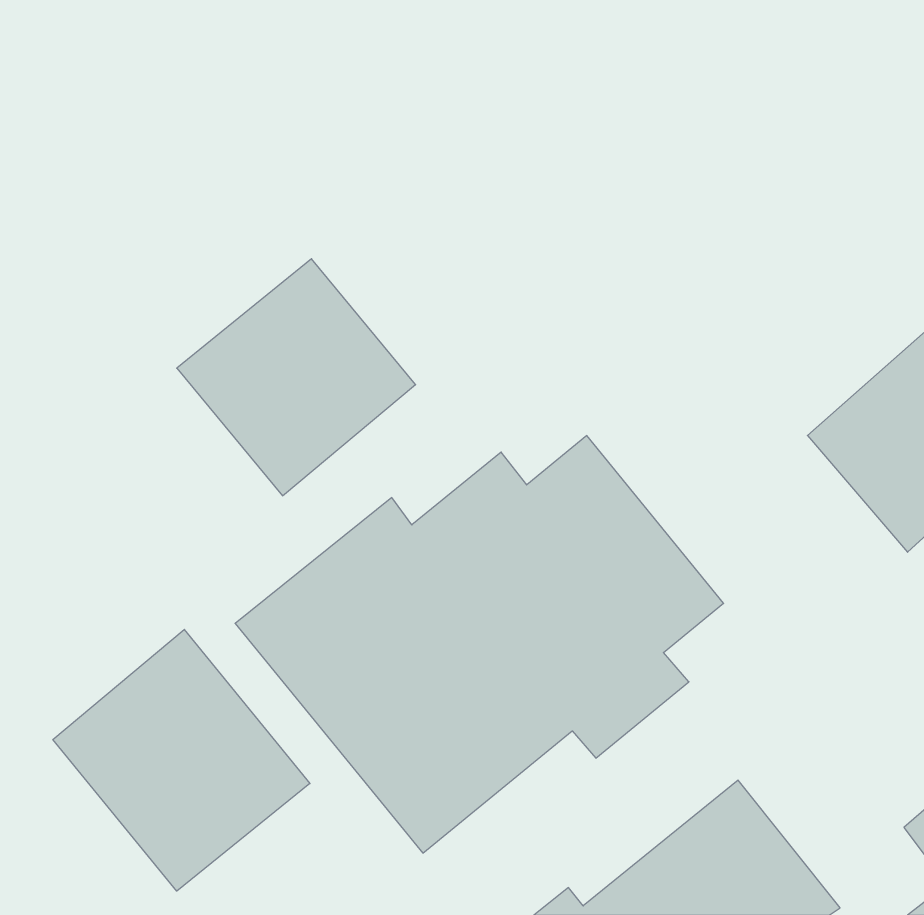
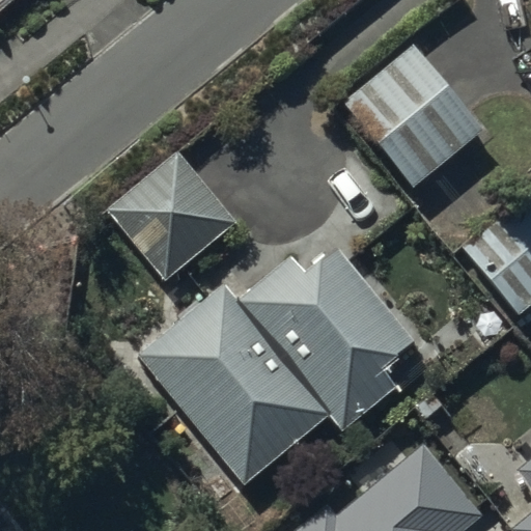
building: none -> [344,46,483,188]
building: [53,629,310,891] -> none

